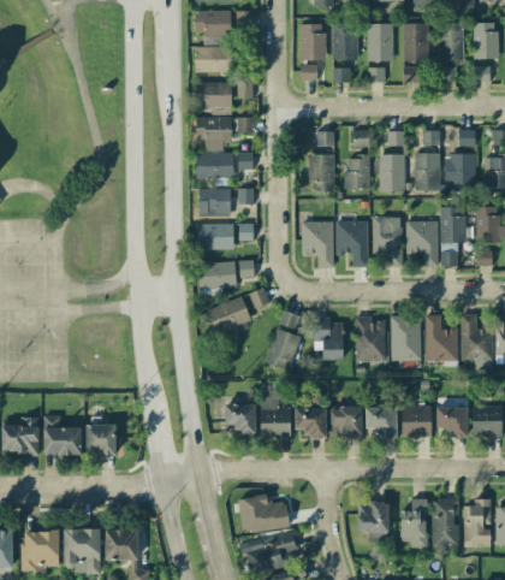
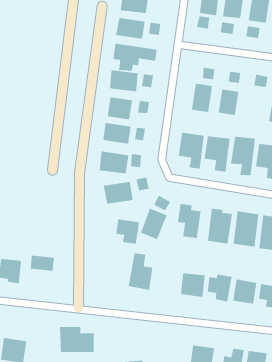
building: [375,154,404,191] -> none
building: [225,404,255,434] -> [115,219,140,244]
building: [295,408,326,437] -> none
building: none -> [30,255,54,272]
building: [237,495,289,533] -> [59,327,95,352]

